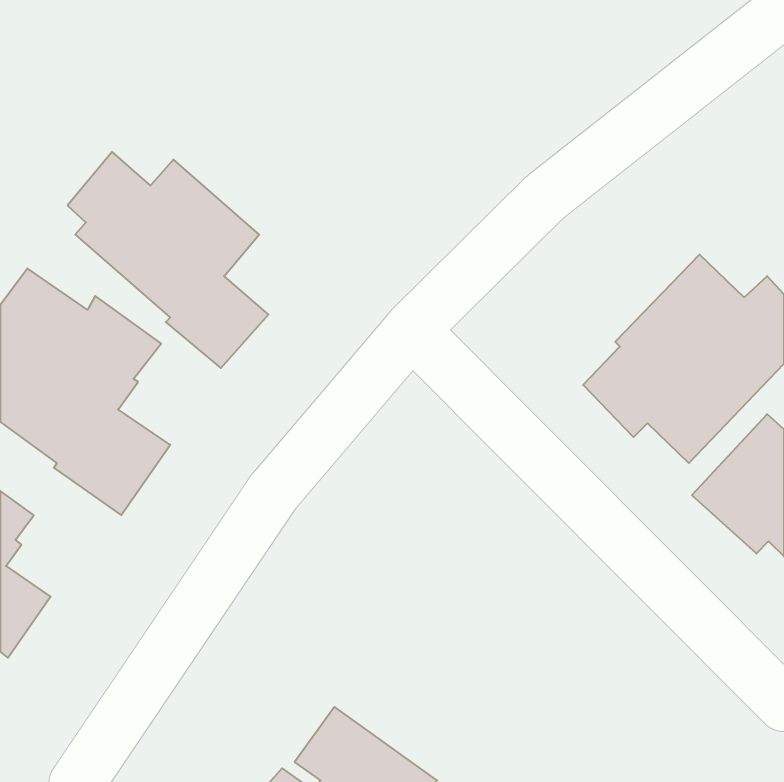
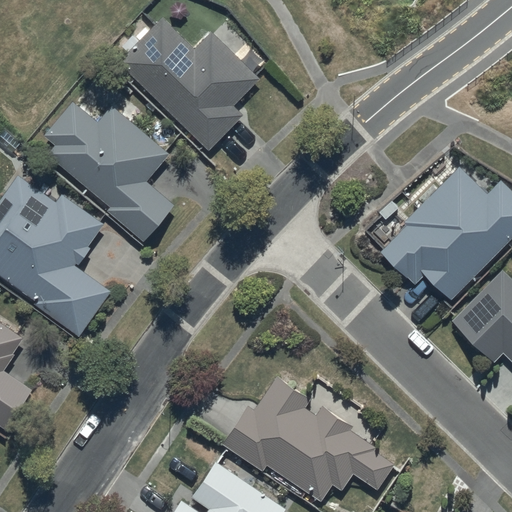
building: none -> [120,18,261,149]
building: none -> [223,378,395,502]

